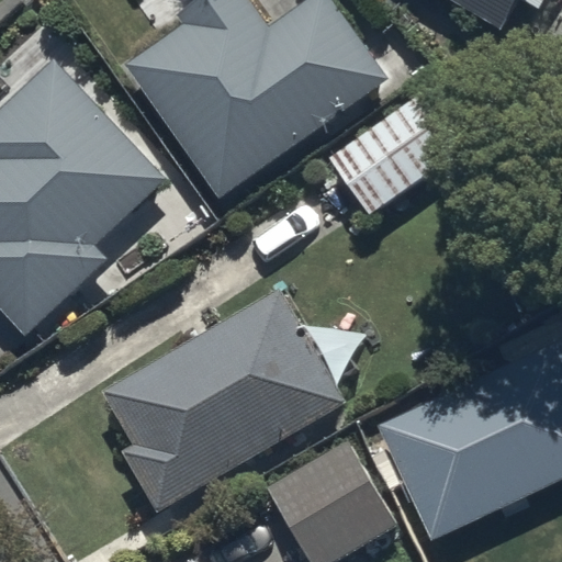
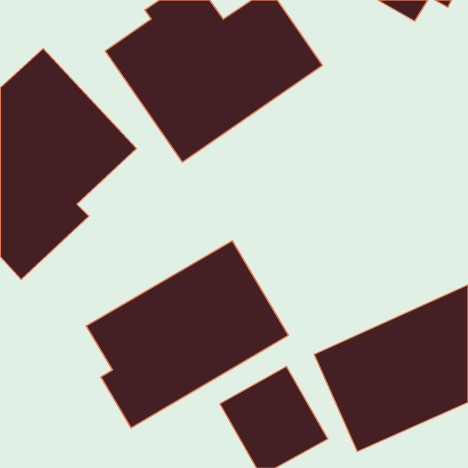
building: [327,90,463,215] -> none

